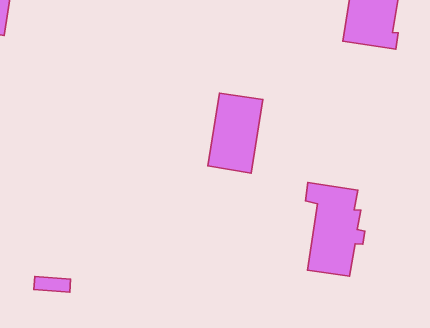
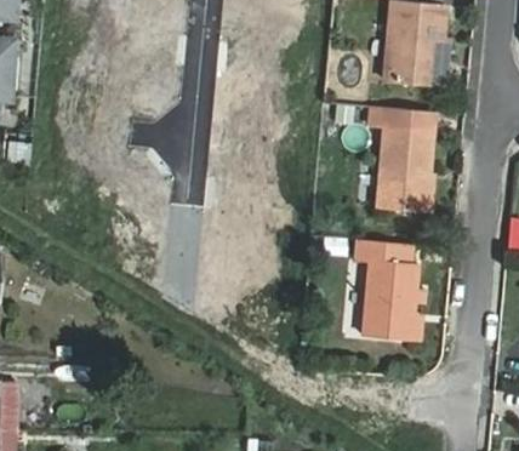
building: [208,93,263,173] -> [377,126,433,212]

